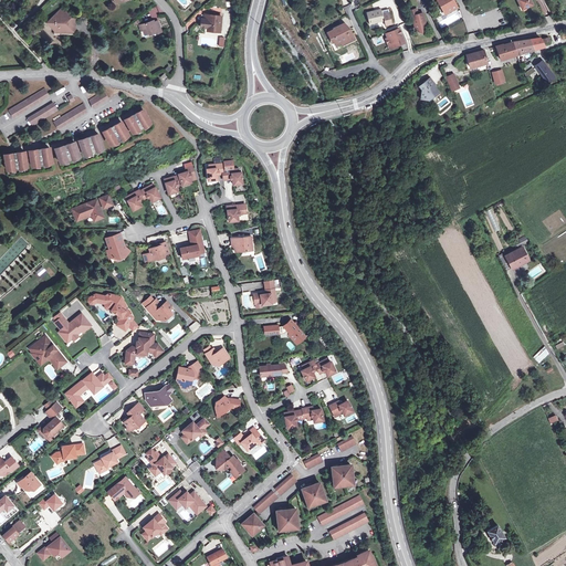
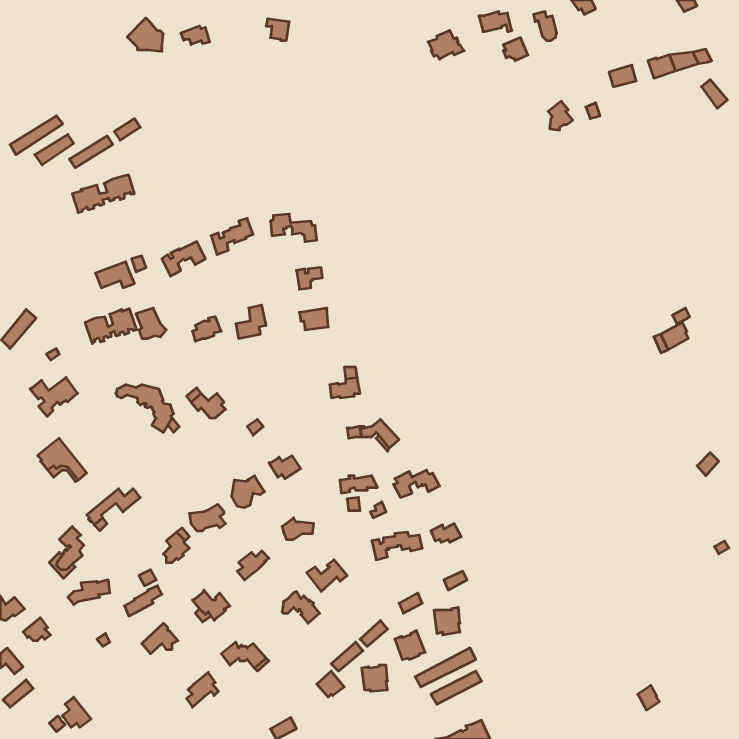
building: [46,8,74,33] -> [127,18,163,51]
building: [103,108,149,144] -> none
building: [4,147,52,170] -> none
building: none -> [85,309,137,344]
building: [54,313,91,343] -> [30,377,78,416]
building: [125,332,163,366] -> none

